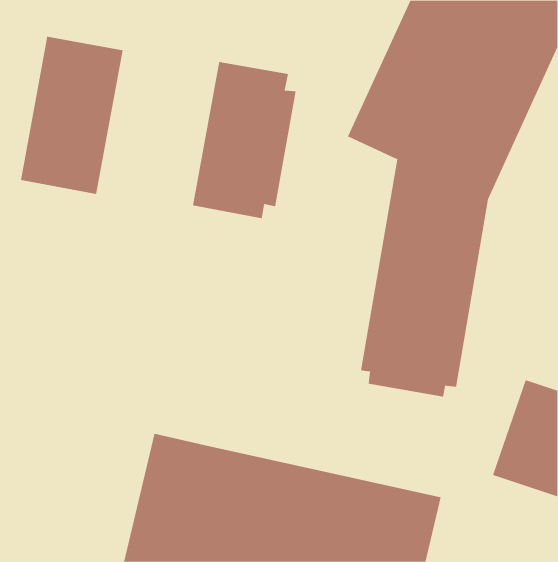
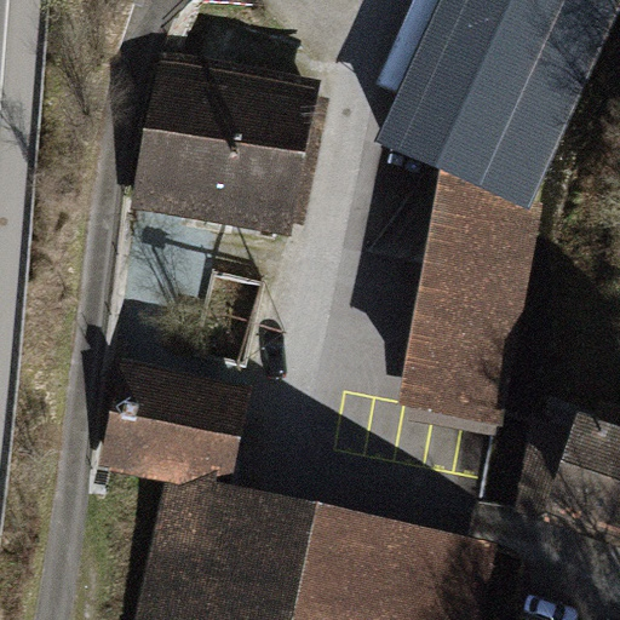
building: [20,36,123,194] -> [127,52,241,226]
building: none -> [98,360,252,490]

